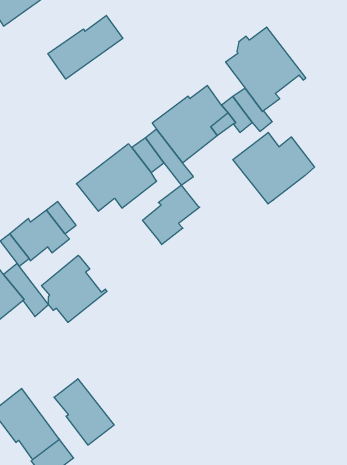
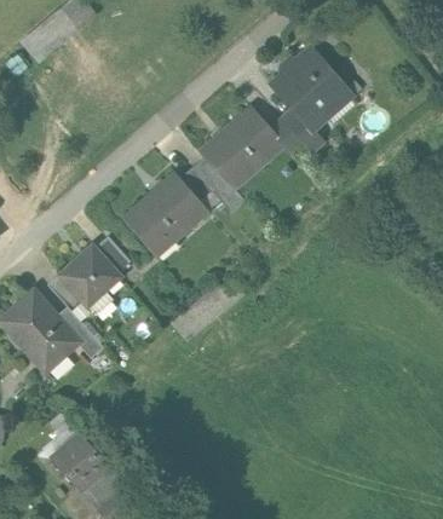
building: [48,15,123,79] -> none
building: [233,132,315,204] -> none
building: [143,185,200,245] -> none
building: [42,255,107,322] -> none
building: [54,379,114,445] -> none

